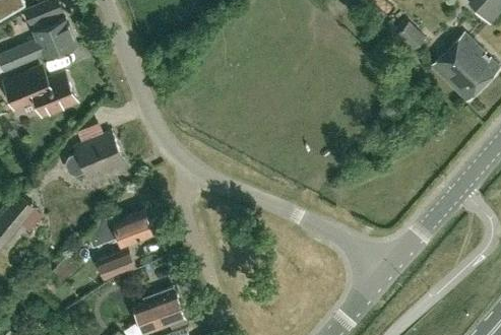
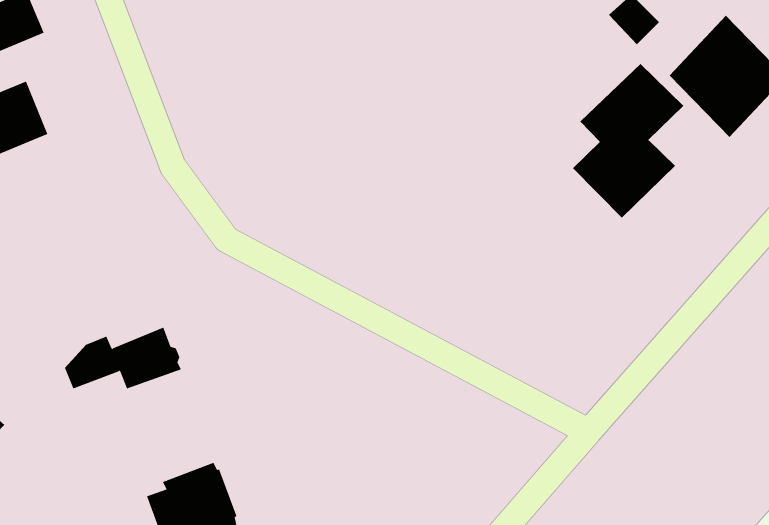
building: none -> [572,63,684,218]
building: [67,132,125,180] -> none
building: [97,249,135,280] -> none

